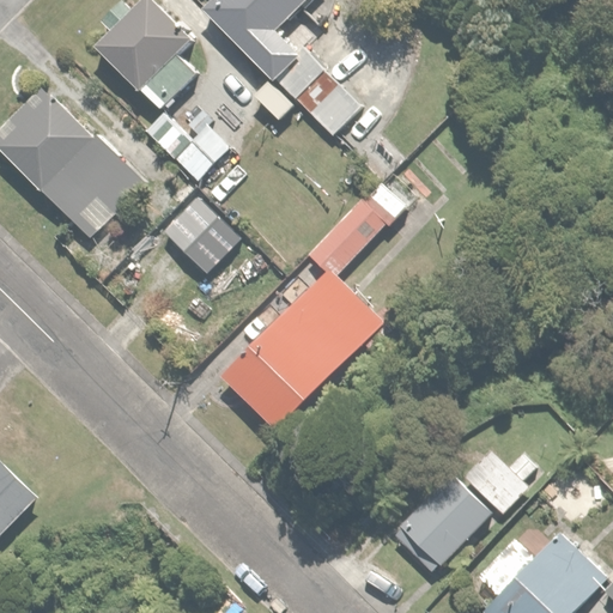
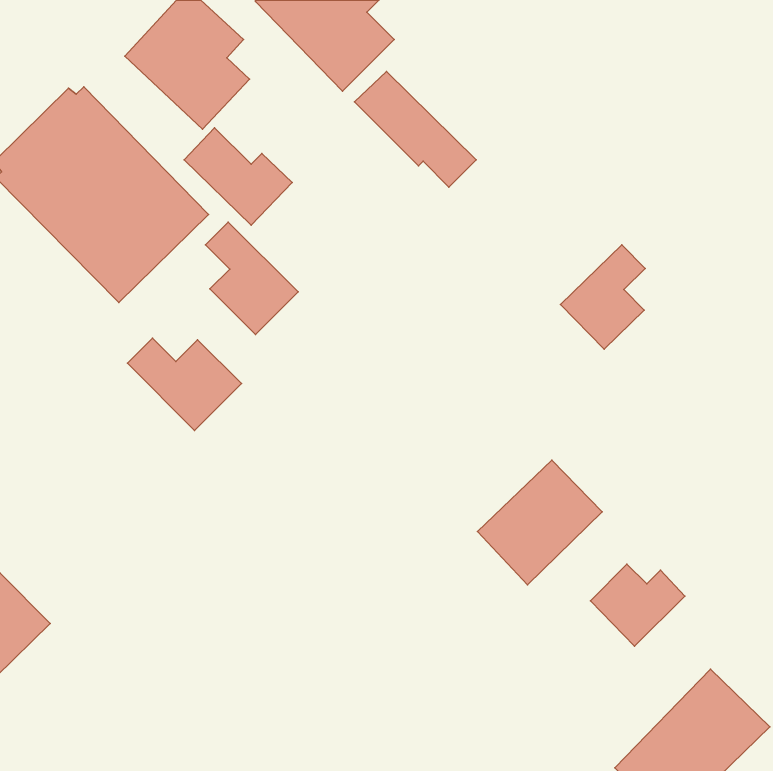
building: [216,171,417,430] -> none
building: none -> [561,245,645,349]
building: none -> [127,338,241,430]
building: [393,475,491,573] -> [477,460,602,585]

